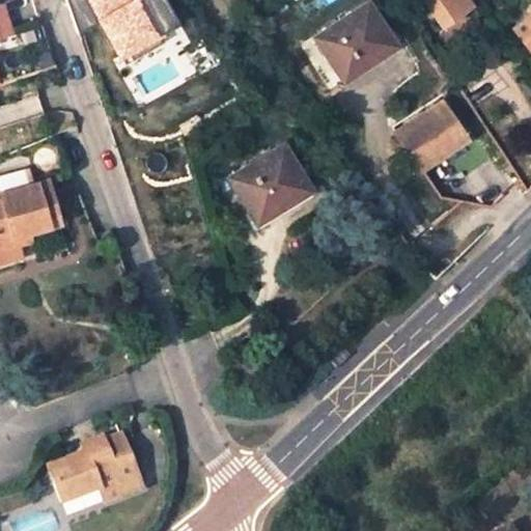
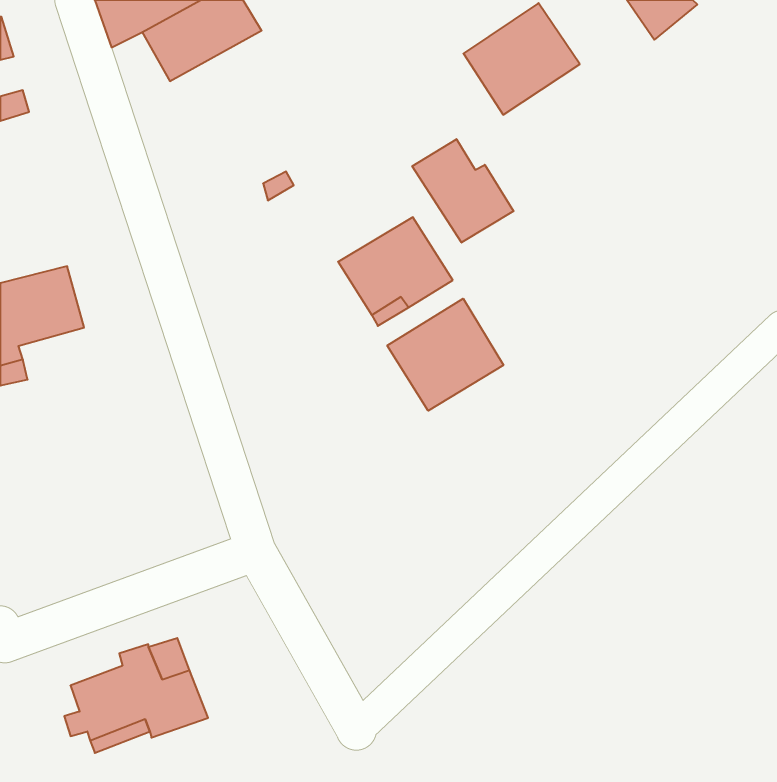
building: none -> [412,139,514,243]
building: [396,102,467,168] -> none
building: none -> [387,299,503,411]

